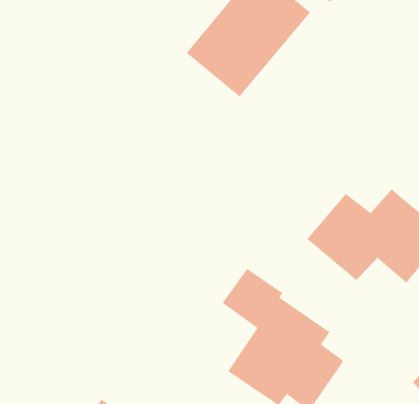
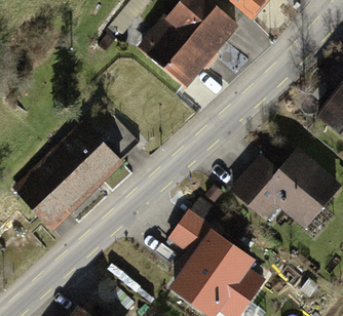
building: none -> [16,116,141,227]

